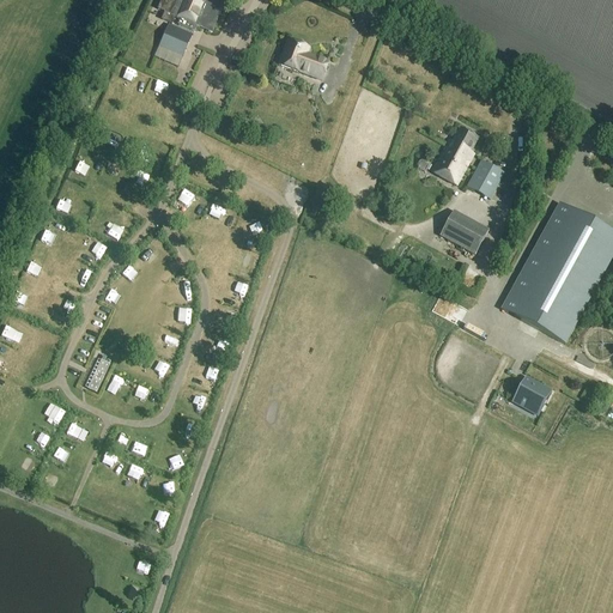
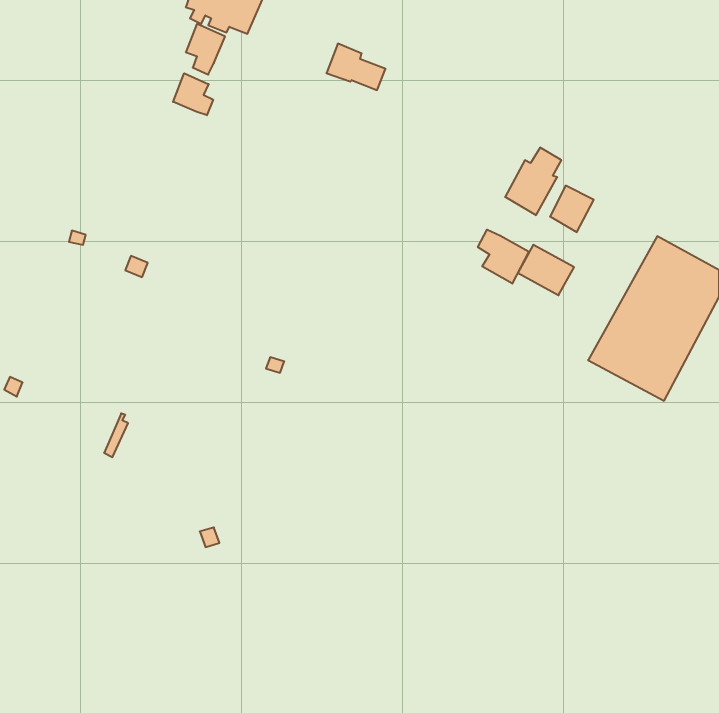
building: none -> [173,73,213,115]
building: none -> [478,230,529,284]
building: [514,376,554,415] -> none

